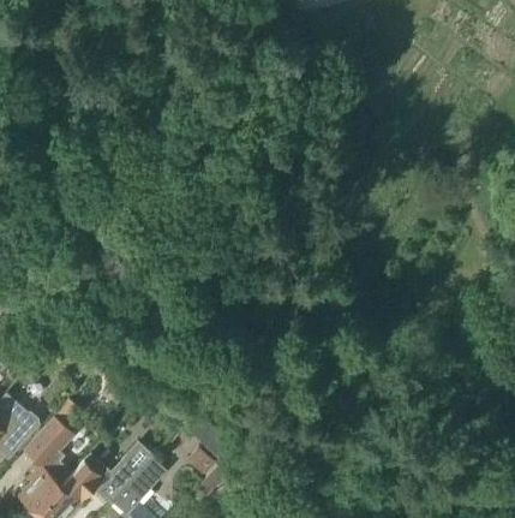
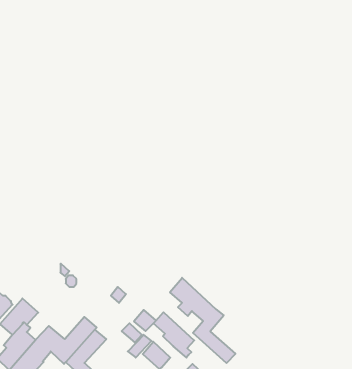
building: none -> [170,278,235,363]
building: none -> [154,312,194,358]

